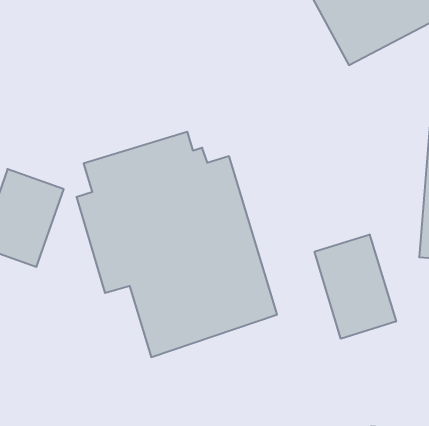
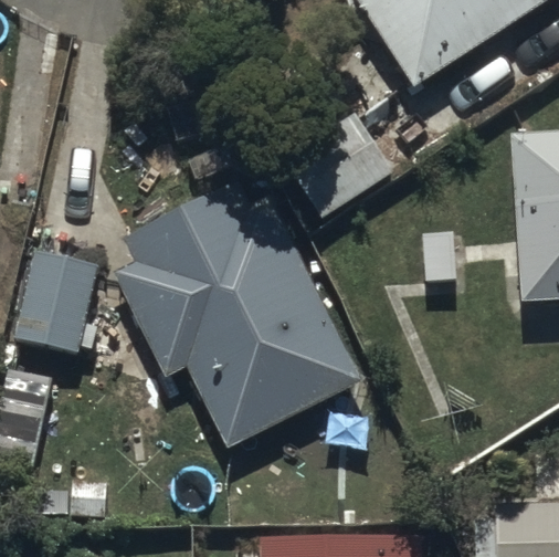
building: [315,234,396,339] -> none

